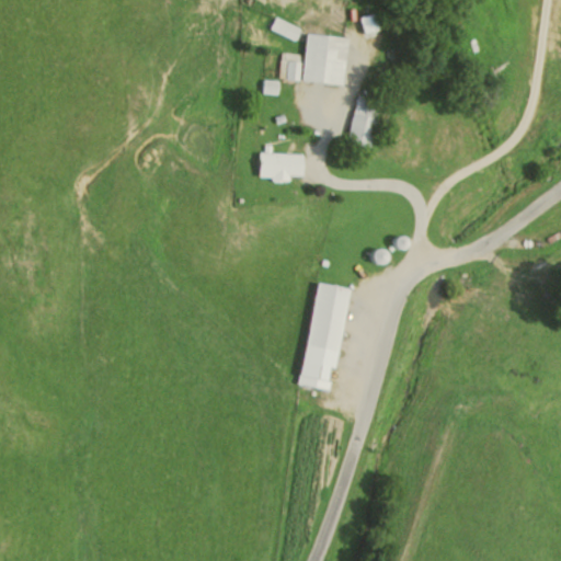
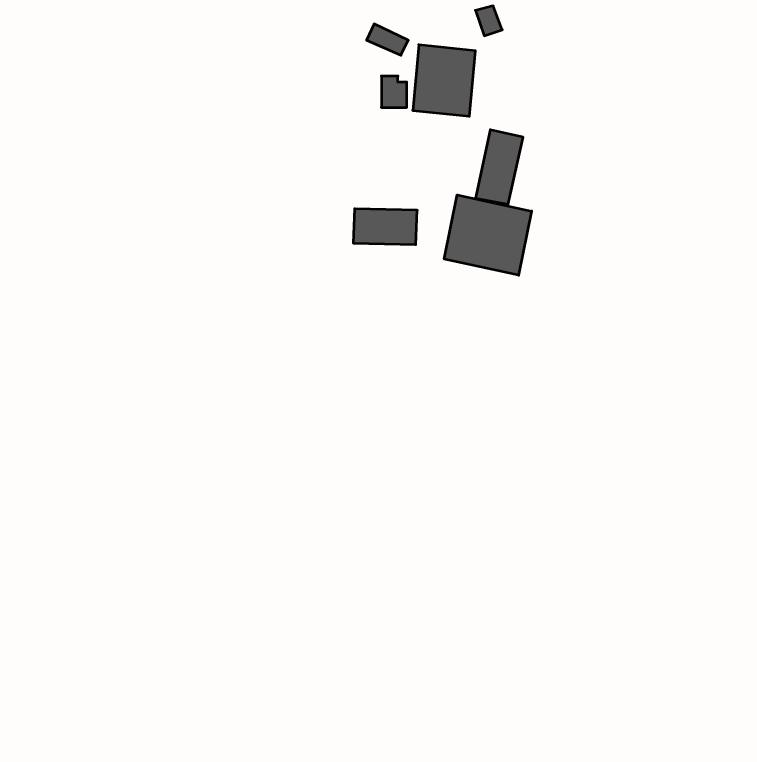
building: none -> [444,195,532,275]
building: [298,282,347,381] -> none

